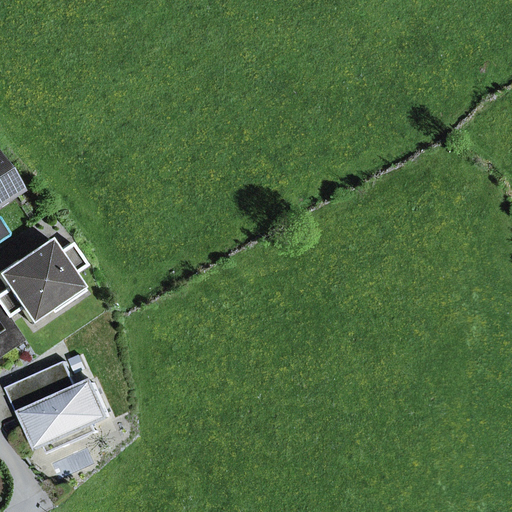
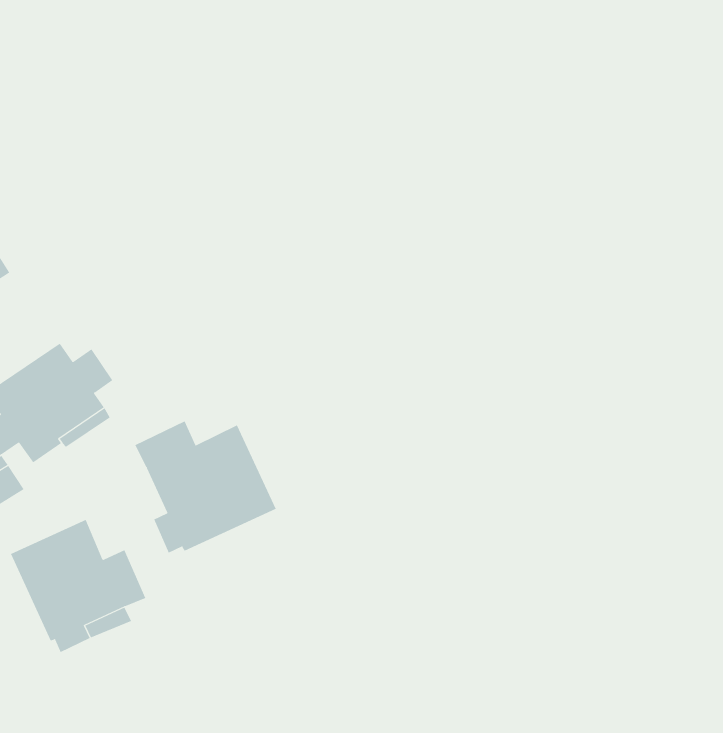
building: none -> [134,421,276,553]

